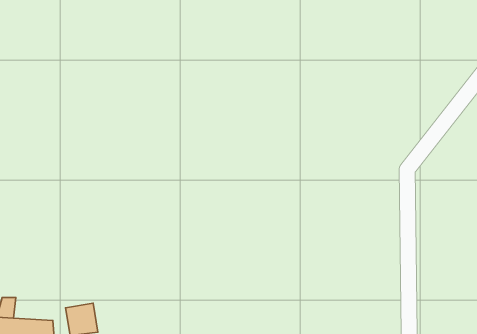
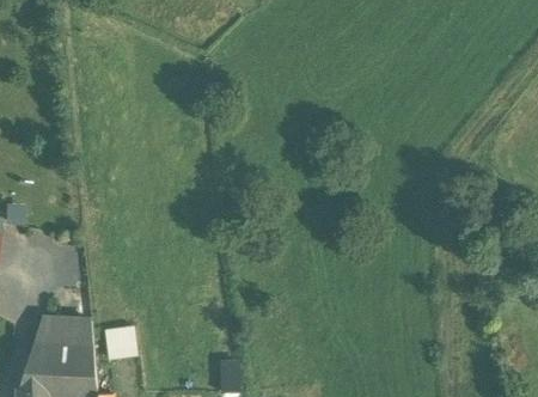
building: none -> [53,319,93,343]

